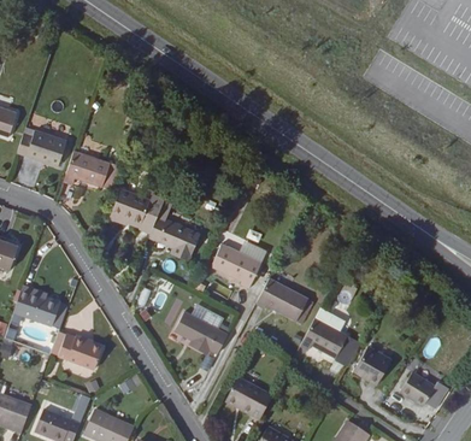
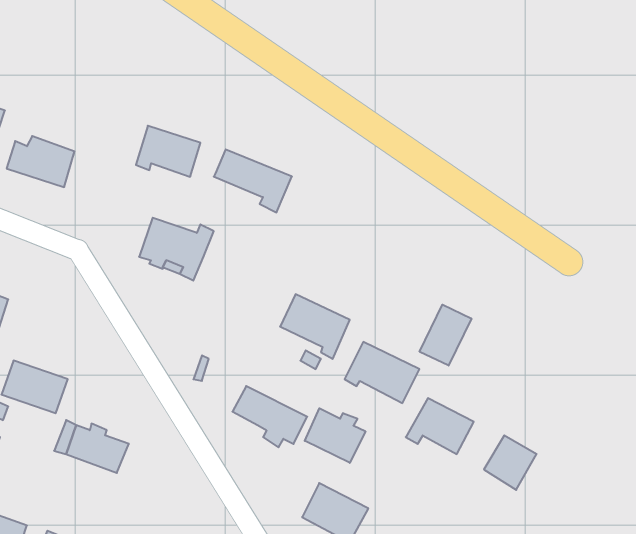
building: [64,151,110,187] -> [136,126,200,177]
building: [148,216,204,260] -> [214,149,292,212]
building: none -> [420,305,471,366]
building: none -> [305,408,365,463]
building: [400,367,437,402] -> none

